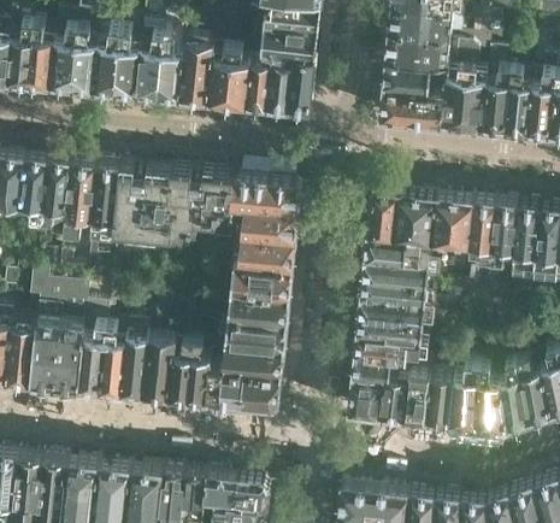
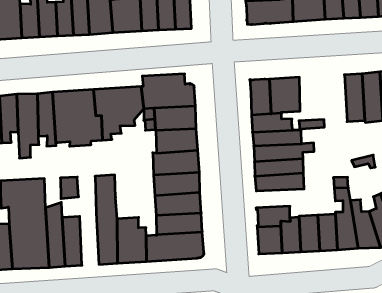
building: [430,200,494,266] -> none
building: [120,329,149,398] -> none
building: [354,336,419,363] -> none

